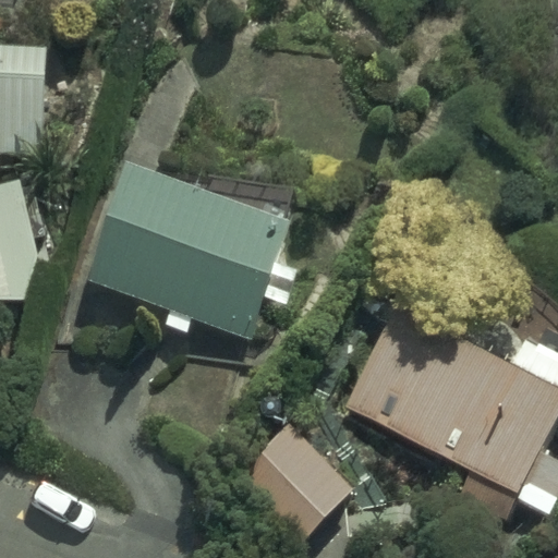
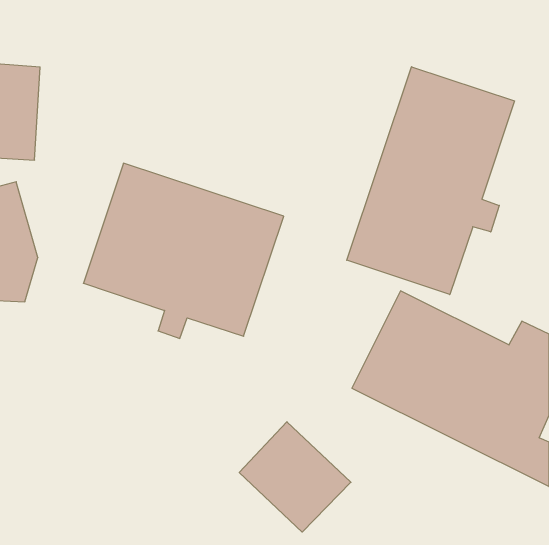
building: none -> [347,67,515,295]

